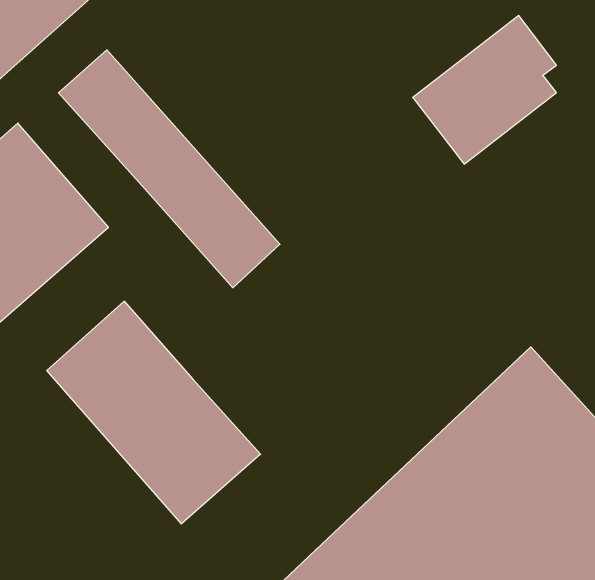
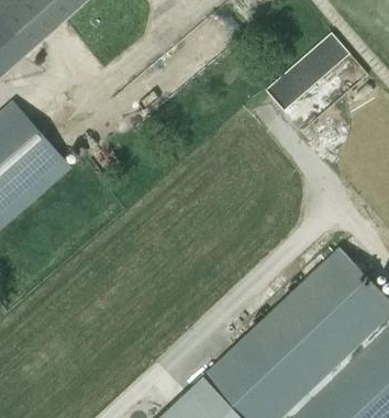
building: [58,50,280,288] -> none
building: [47,301,261,524] -> none

